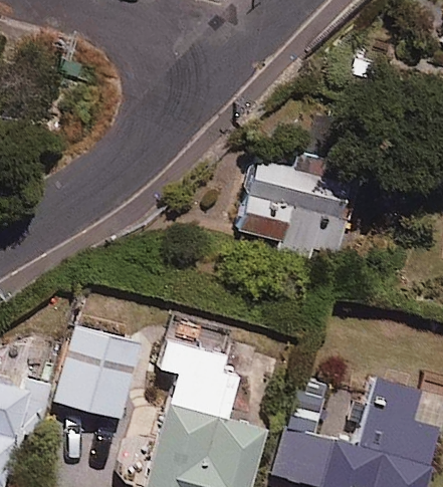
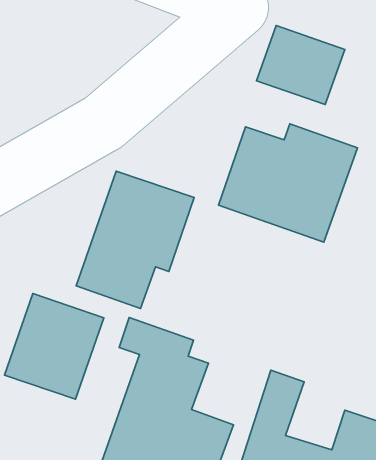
building: none -> [257,26,345,105]
building: none -> [76,171,194,309]

